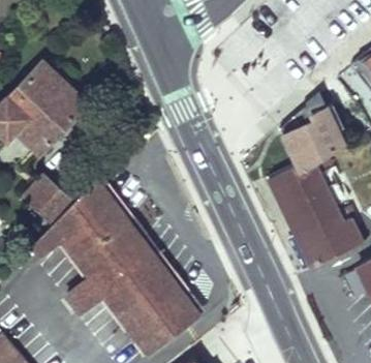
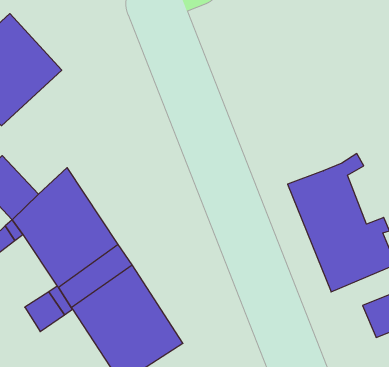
building: [278,93,345,173] -> none

